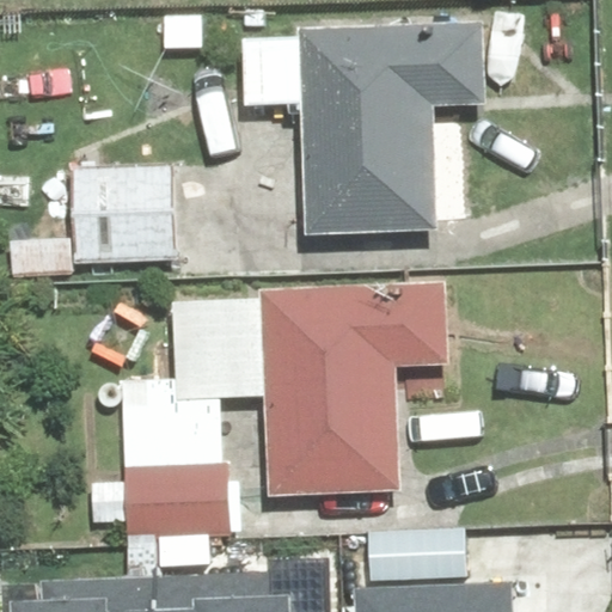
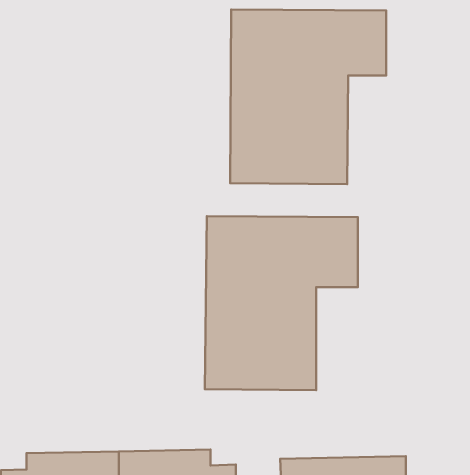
building: [71,165,172,268] -> none
building: [114,378,226,540] -> none

